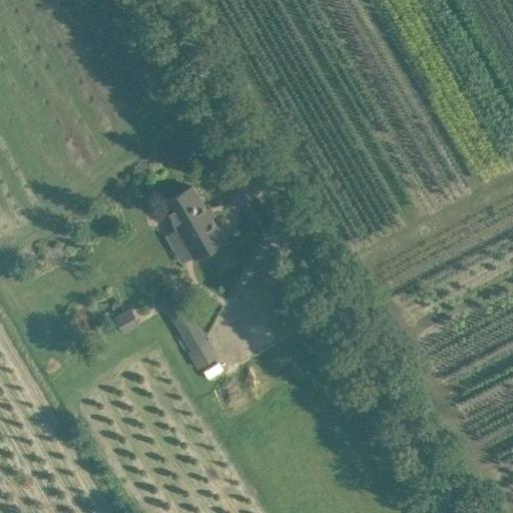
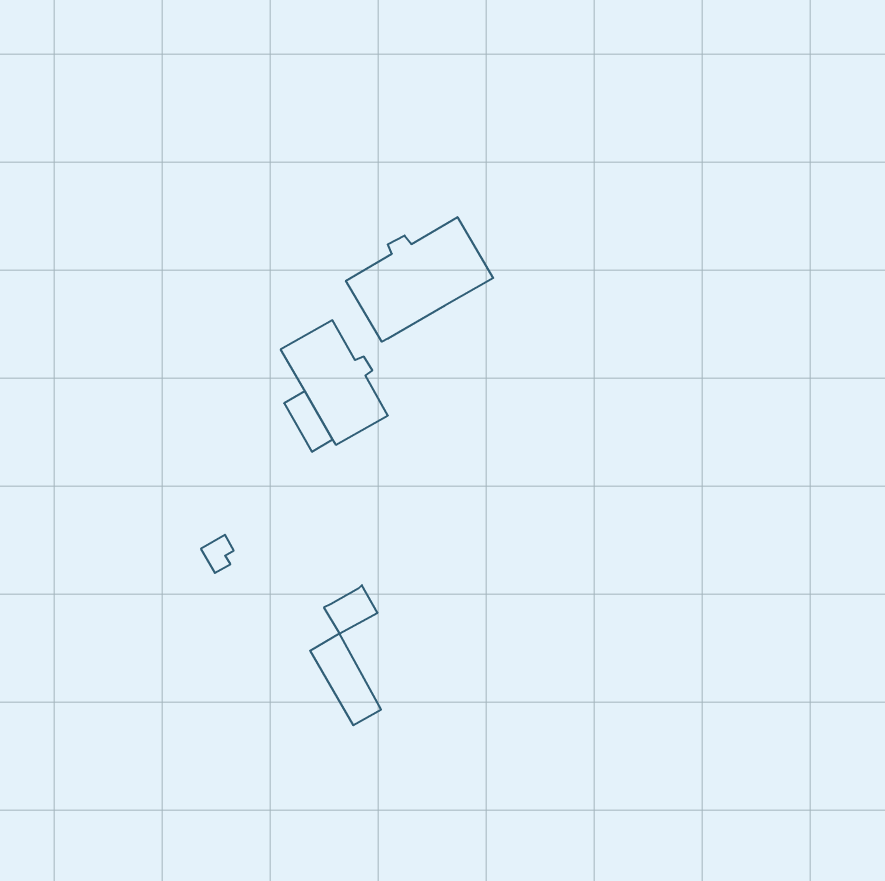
building: none -> [346,217,493,342]
building: [166,299,207,352] -> [310,633,381,725]

